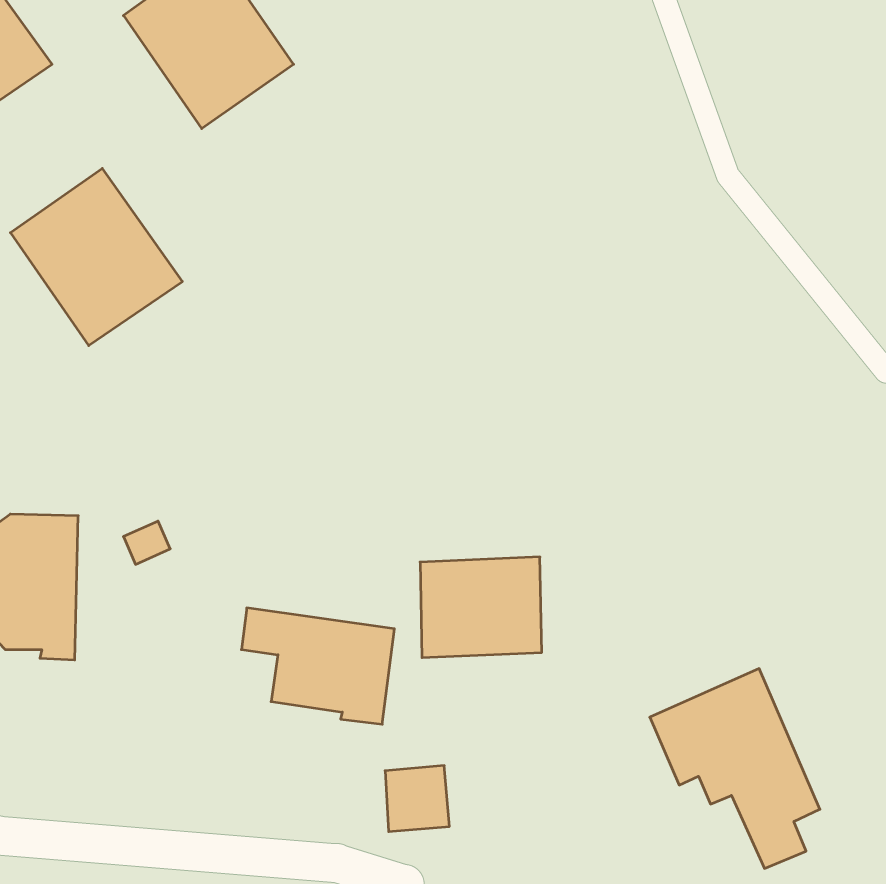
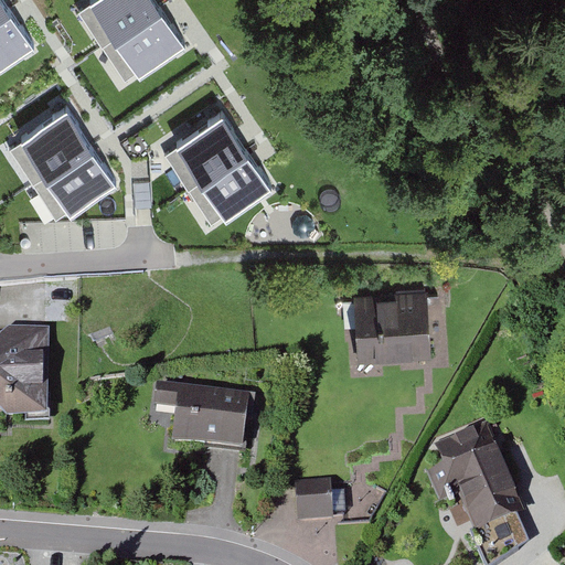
building: none -> [162,111,270,223]
building: [420,557,542,658] -> [354,295,431,359]
building: [385,766,449,832] -> [295,481,335,523]

